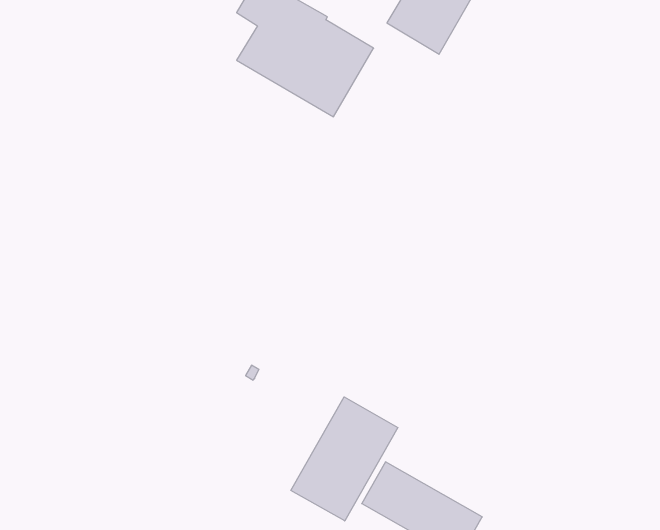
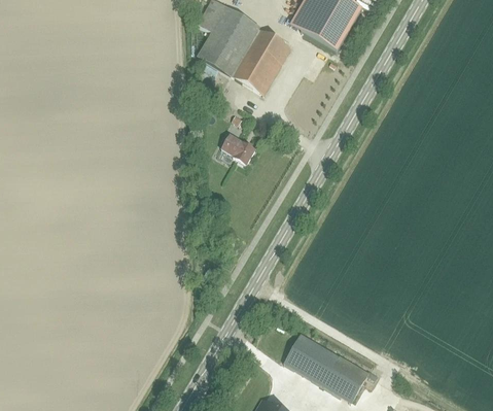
building: none -> [225,137,254,164]
building: [291,397,398,521] -> none

